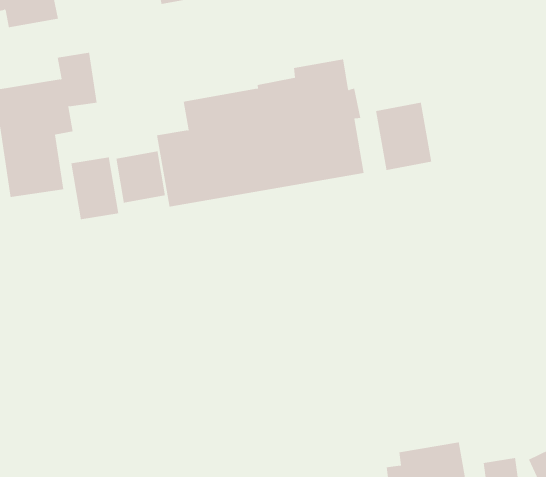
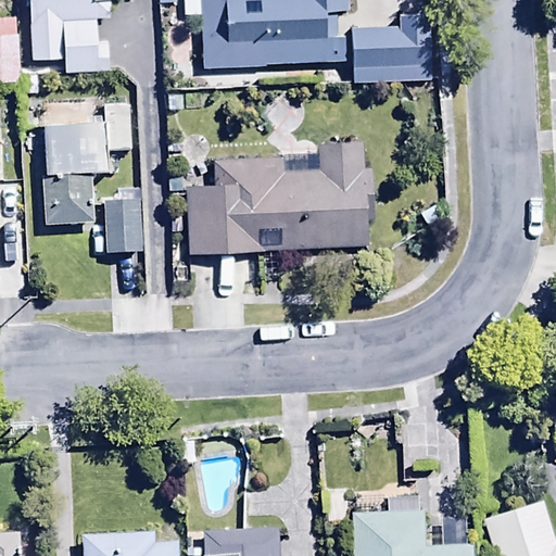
building: [375,102,432,171] -> none
building: [116,151,166,204] -> none

